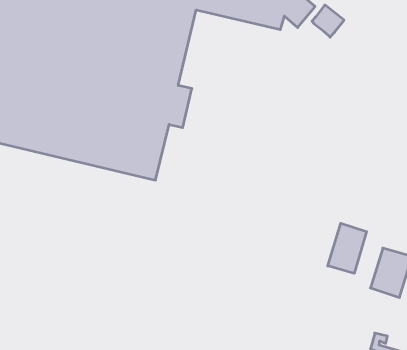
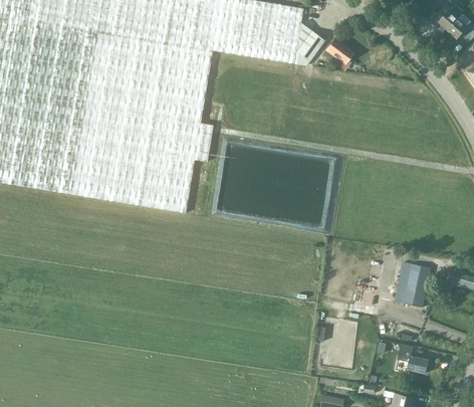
building: [328,223,367,273] -> none

